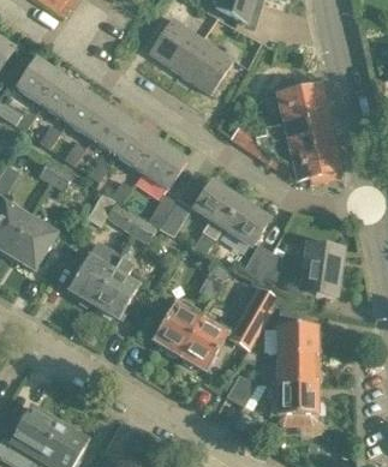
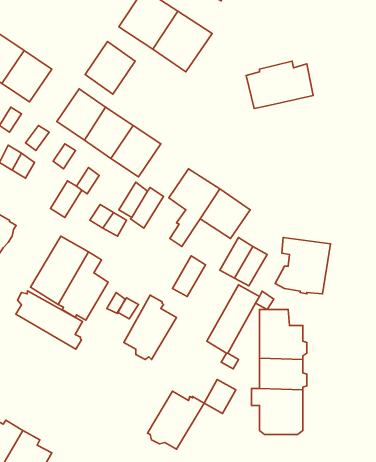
building: [67,90,113,138] -> [85,41,135,94]
building: [285,114,340,182] -> none
building: none -> [16,291,82,349]
building: [179,317,231,370] -> [148,391,204,449]

